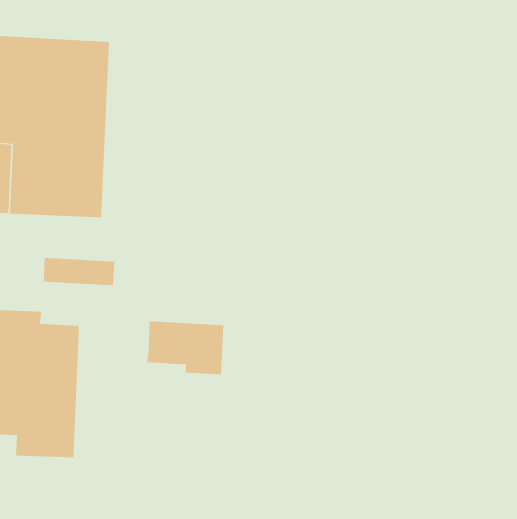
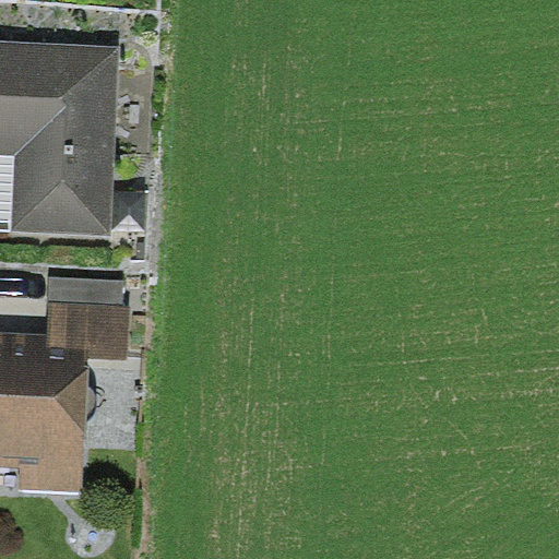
building: [147,321,224,375] -> [44,304,127,361]

